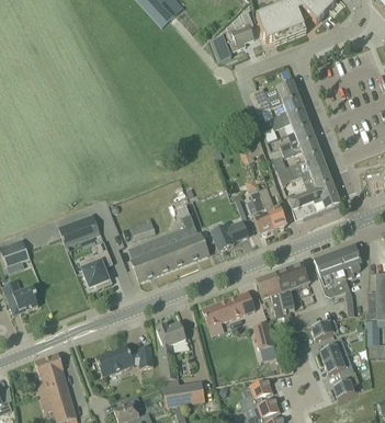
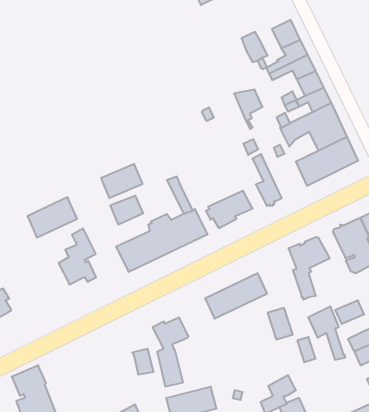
building: [259,187,286,229] -> none
building: none -> [101,164,142,198]
building: [256,272,284,317] -> [308,307,345,360]
building: [92,344,134,377] -> none

